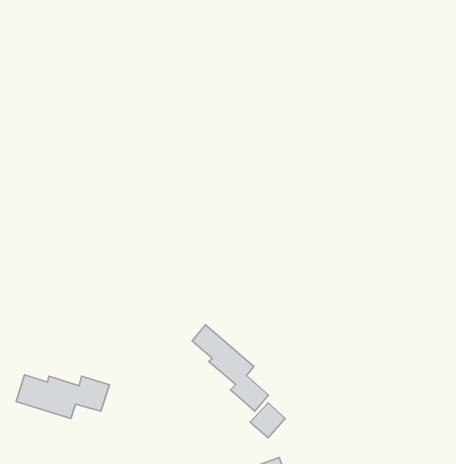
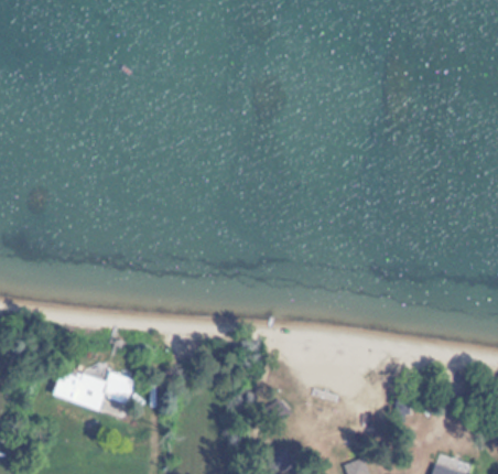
building: [192,325,268,411] -> none

